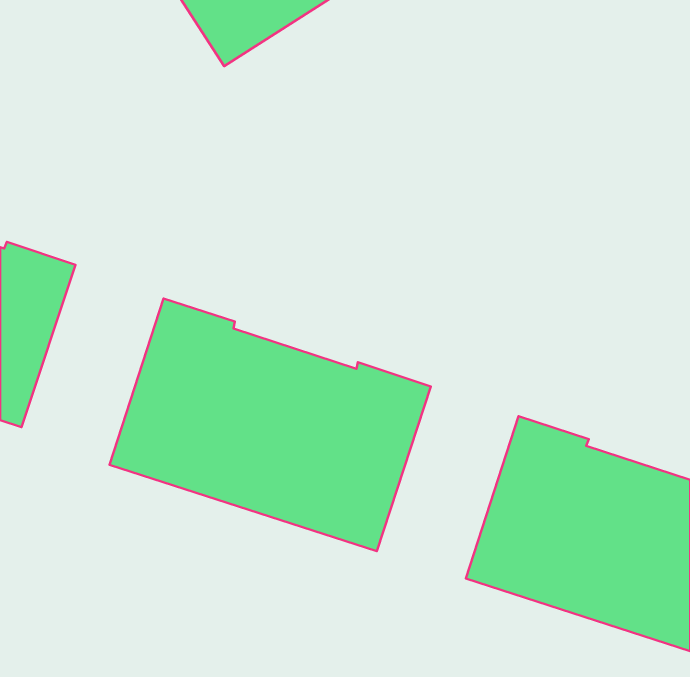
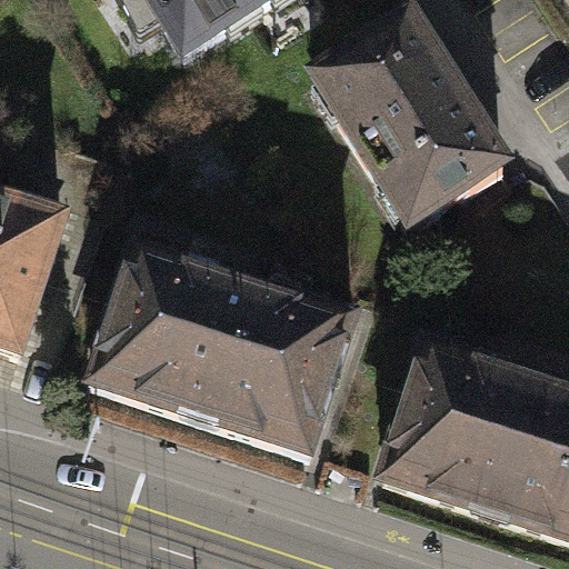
building: none -> [315,18,503,228]

